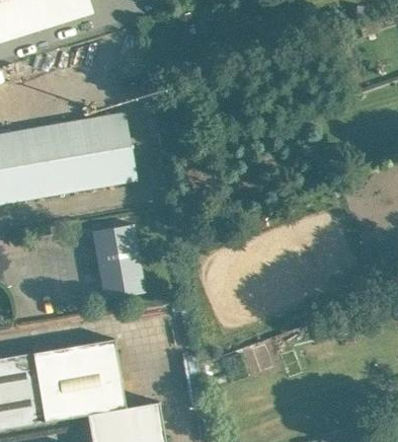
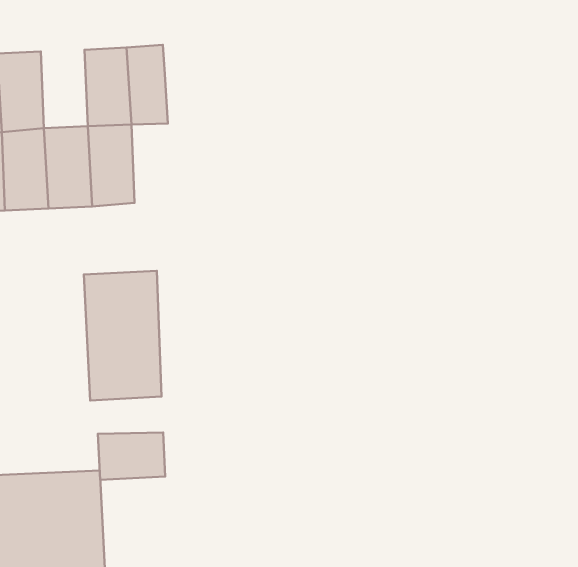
building: [52,104,83,151] -> none
building: [107,140,135,187] -> none
building: none -> [98,433,165,480]

